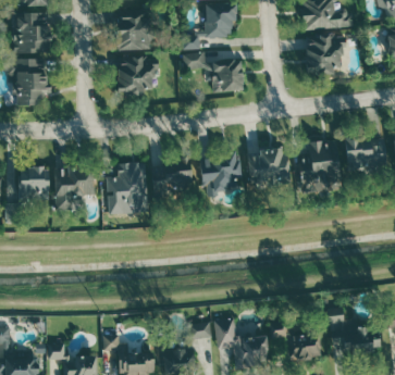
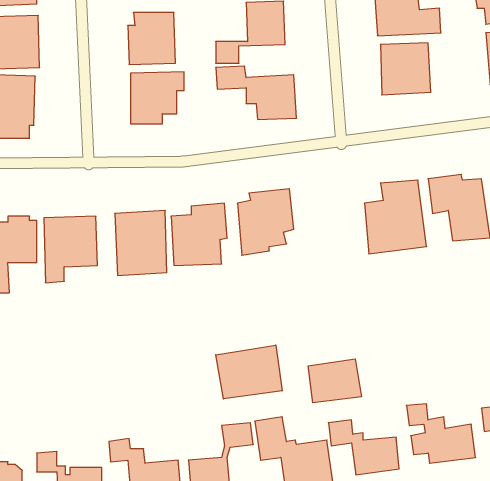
building: [246,146,291,195] -> none
building: none -> [216,345,282,399]
building: none -> [308,359,362,403]

